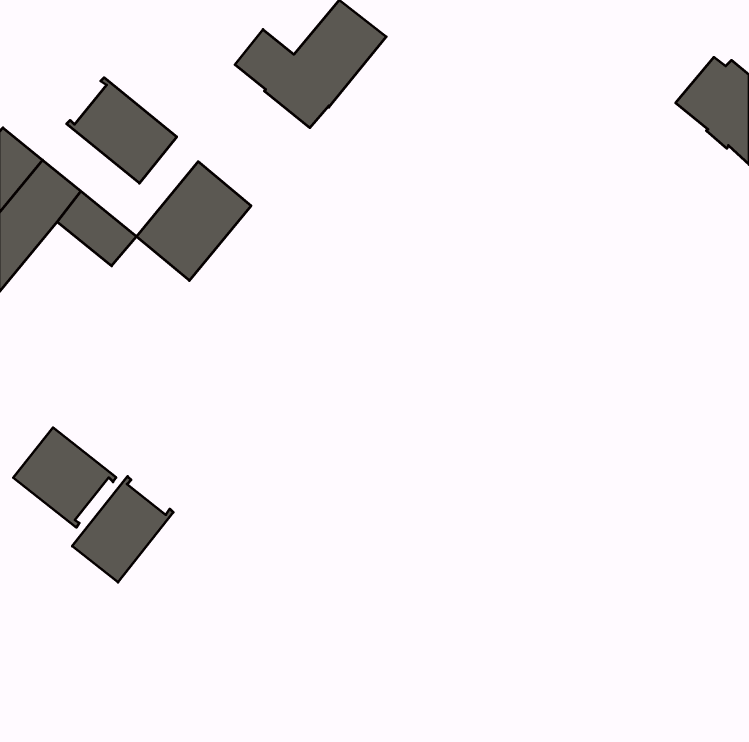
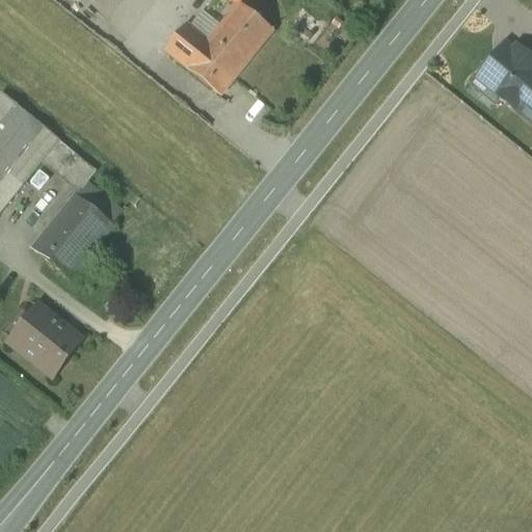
building: [67,78,177,183] -> none
building: [137,162,251,281] -> [32,191,113,275]
building: [72,476,173,582] -> none

